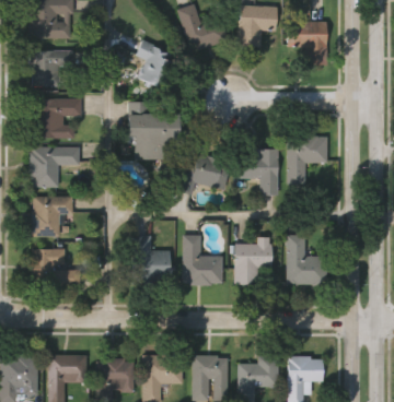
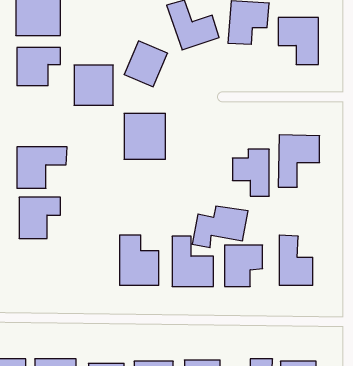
building: [36,99,74,139] -> [74,65,113,105]
building: [176,155,231,196] -> [192,206,248,248]
building: [33,249,80,287] -> none

